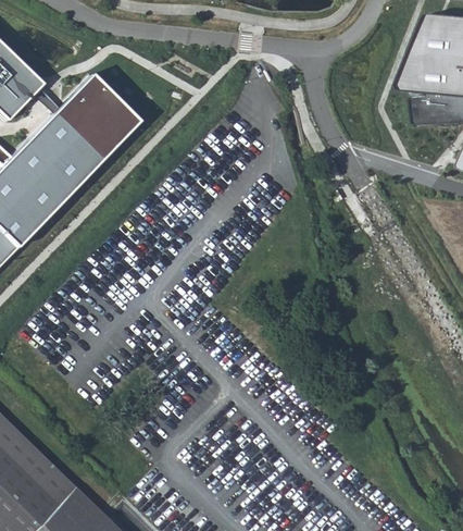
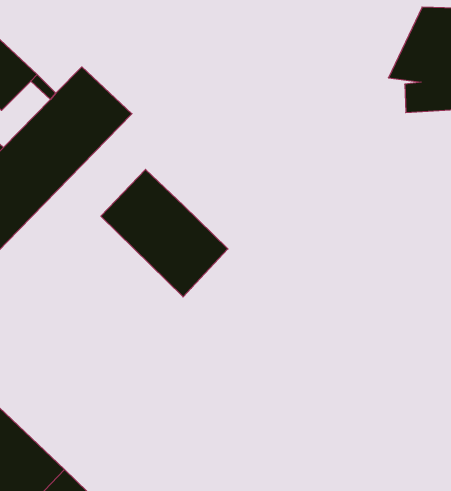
building: none -> [101,169,228,297]

